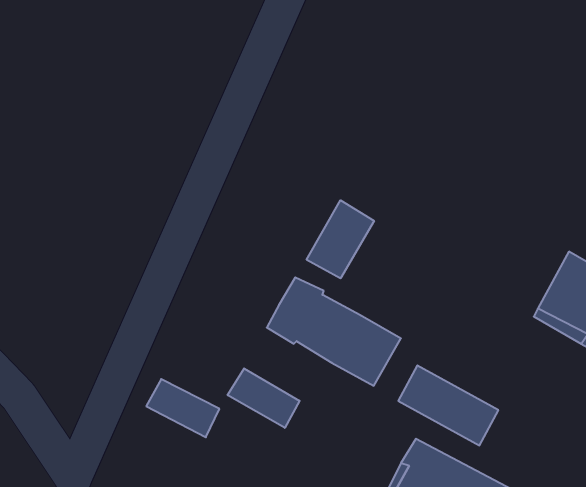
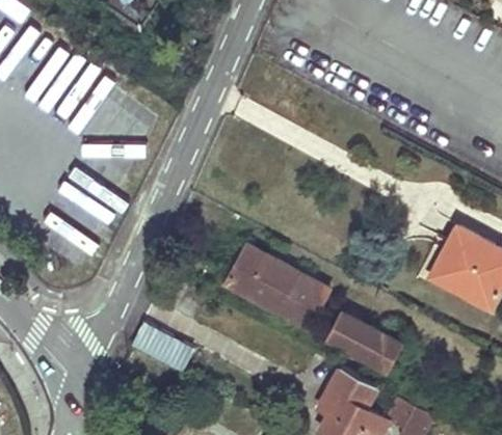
building: [307,200,374,278] -> none
building: [228,368,300,428] -> none

